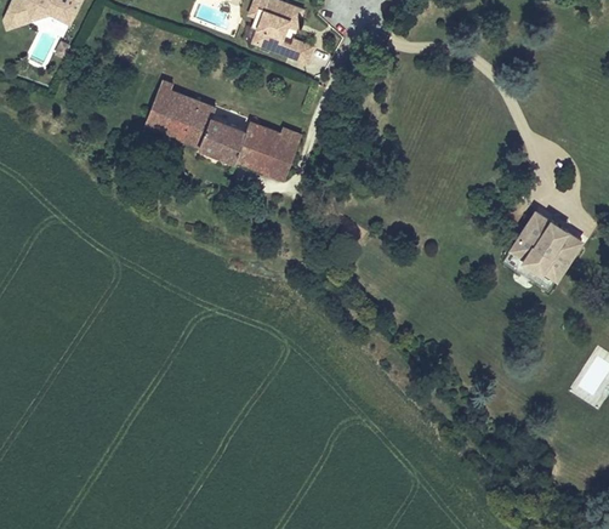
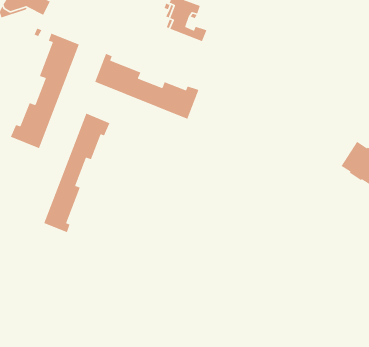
building: none -> [10,33,80,149]
building: none -> [43,113,111,233]

